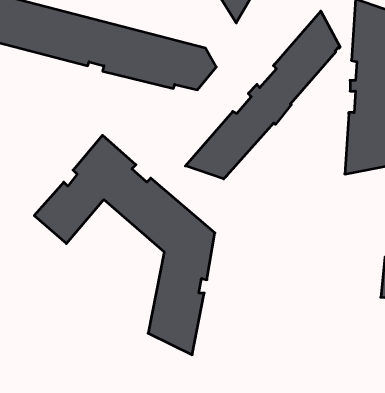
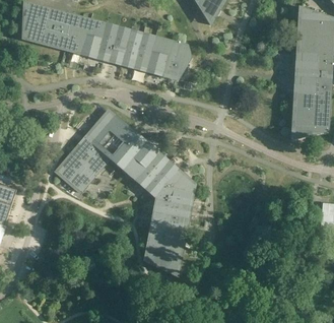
building: [185,11,340,179] -> none

